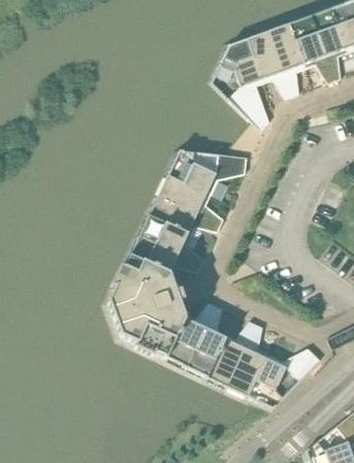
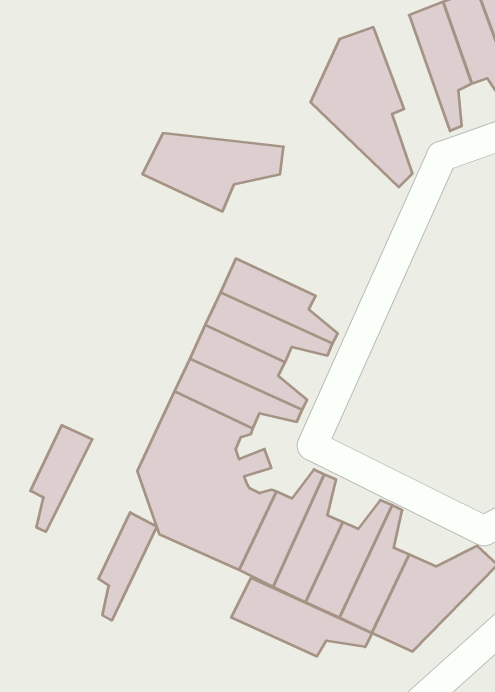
building: [249,27,295,99] -> none
building: [165,150,251,197] -> [142,133,284,211]
building: none -> [30,425,92,532]
building: none -> [98,512,157,620]
building: none -> [231,578,372,656]

